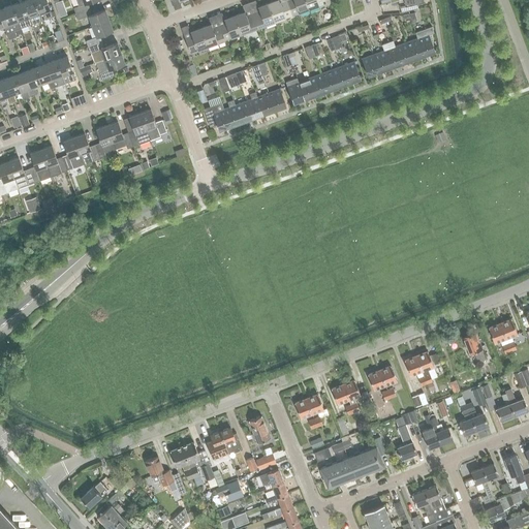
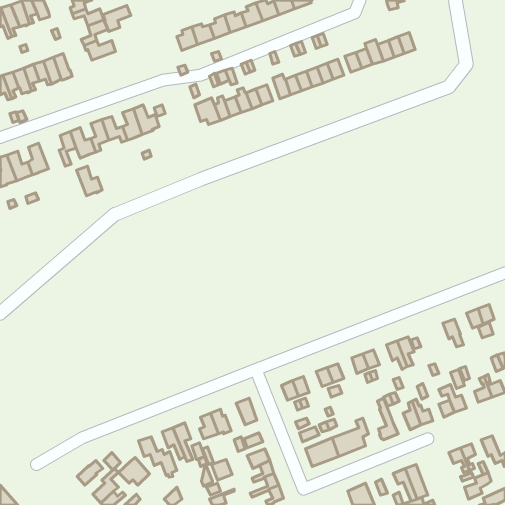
building: [96,54,125,81] -> [103,6,131,31]
building: [40,146,67,177] -> [77,166,102,196]
building: none -> [119,458,150,485]

